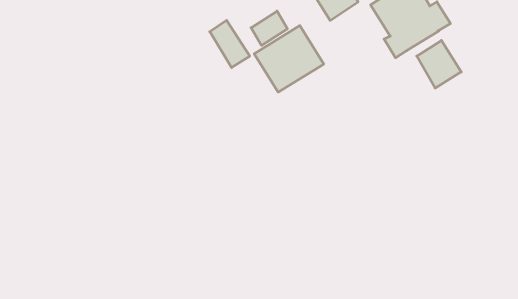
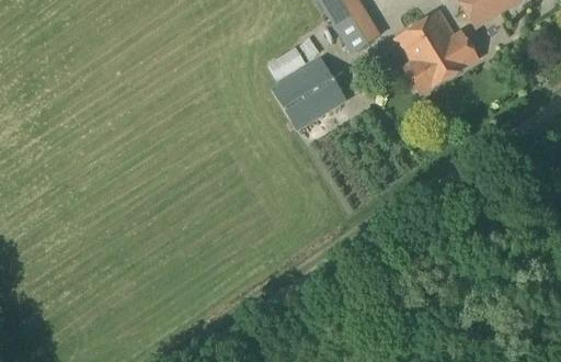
building: [210,20,250,68] -> none
building: [417,40,461,88] -> none

